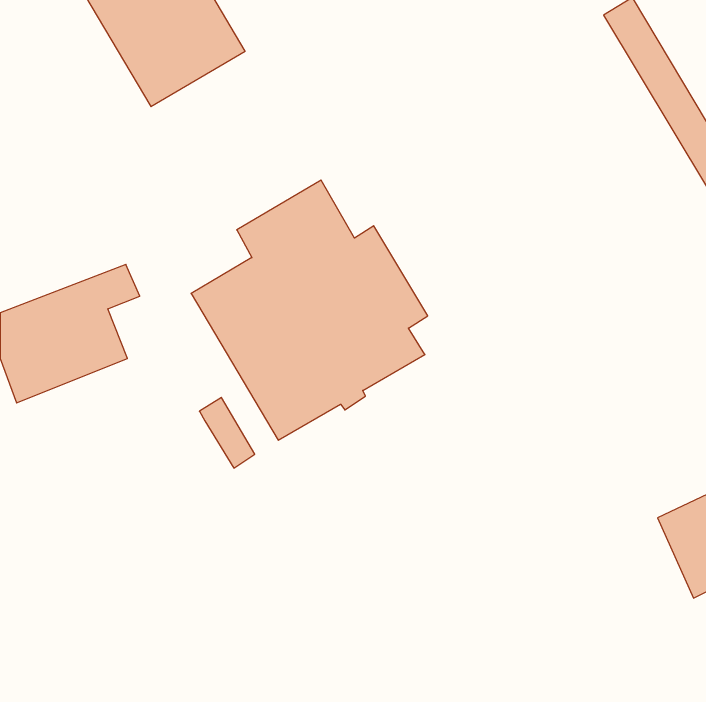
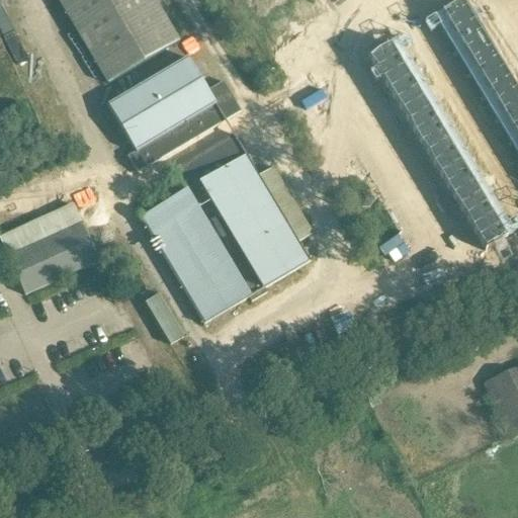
building: none -> [369,42,507,249]
building: none -> [108,54,242,171]

